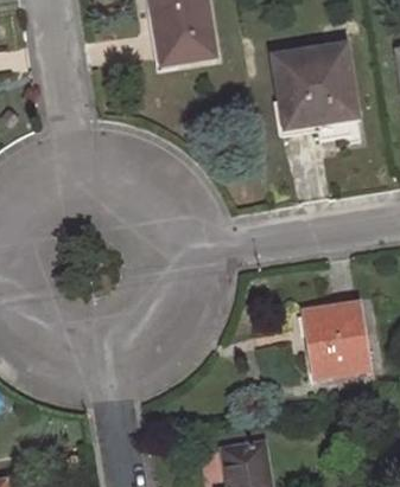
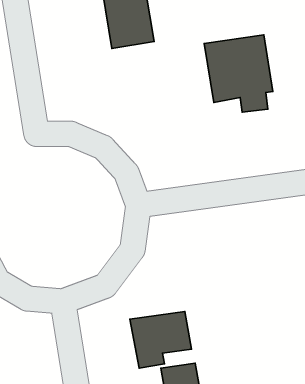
building: [304,301,368,374] -> none
building: none -> [130,312,191,368]

